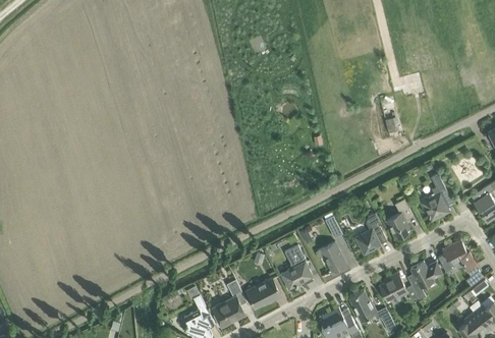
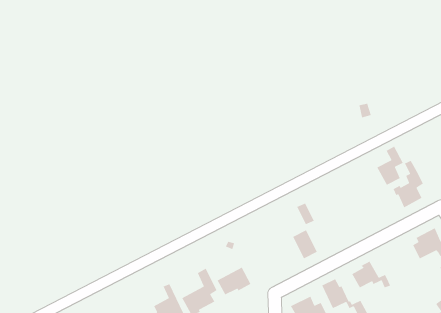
building: [386,199,414,238] -> [376,145,404,186]
building: [355,212,387,254] -> none
building: [281,244,314,289] -> none
building: [410,261,442,299] -> none

